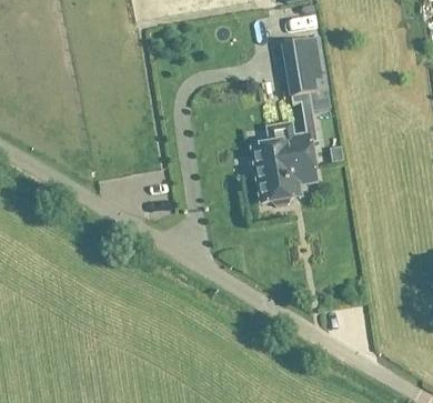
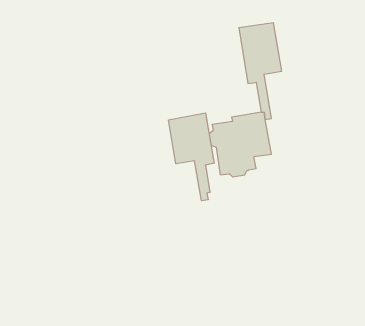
building: none -> [169,113,214,201]

